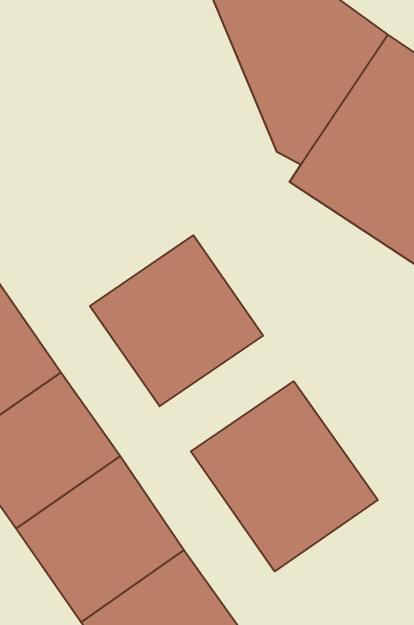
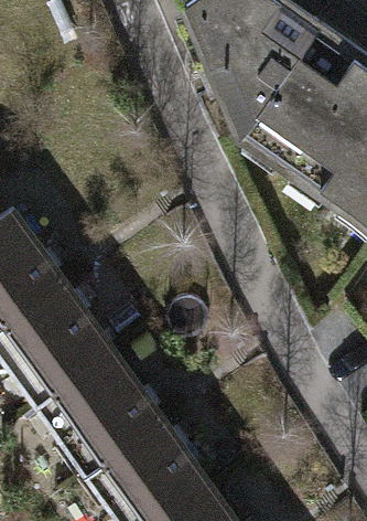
building: [90,235,263,406] -> none
building: [191,381,378,571] -> none

